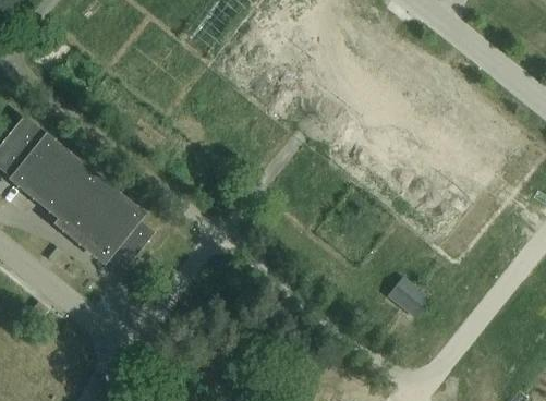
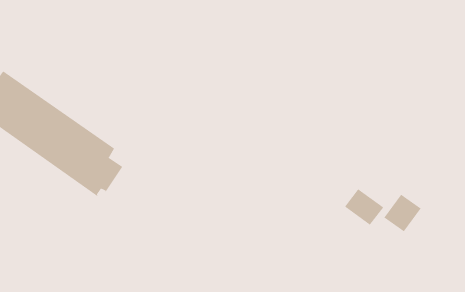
building: none -> [384,194,421,232]

